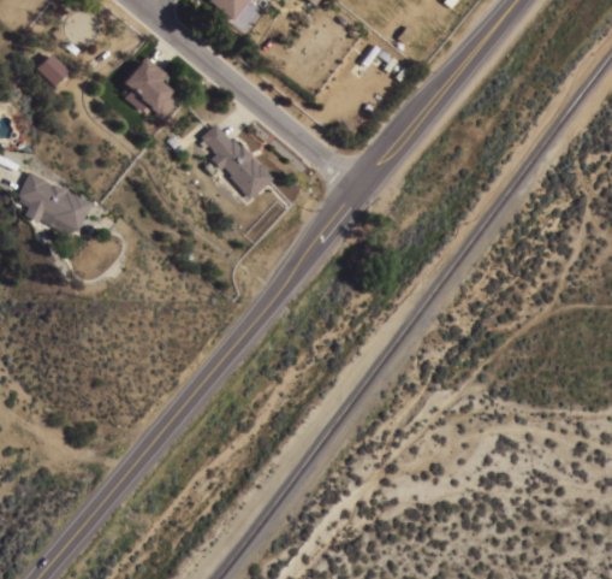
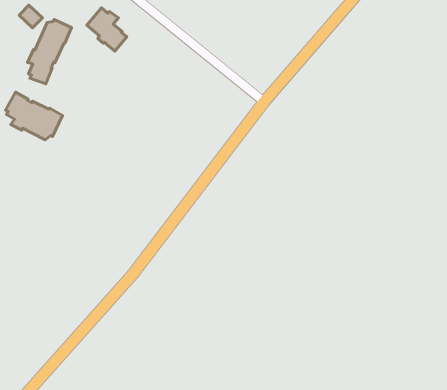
building: none -> [27,19,71,84]
building: [202,123,273,199] -> none

